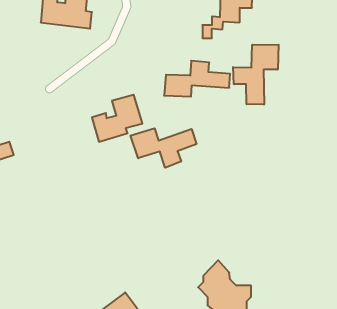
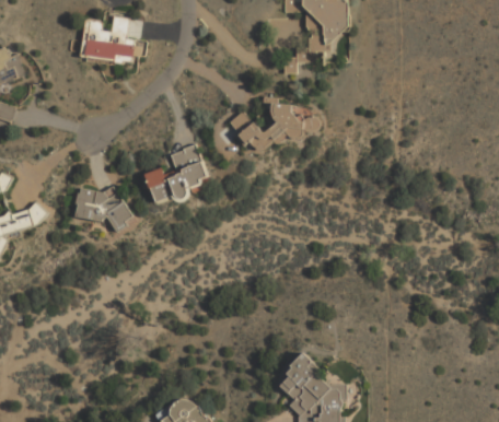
building: [233,45,279,105] -> none
building: none -> [73,186,126,224]
building: [130,128,196,168] -> none

